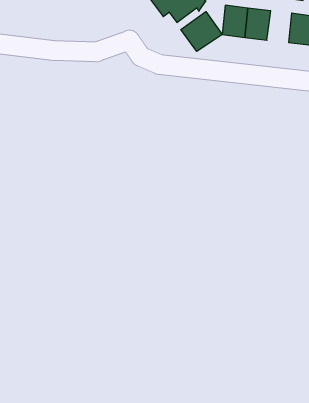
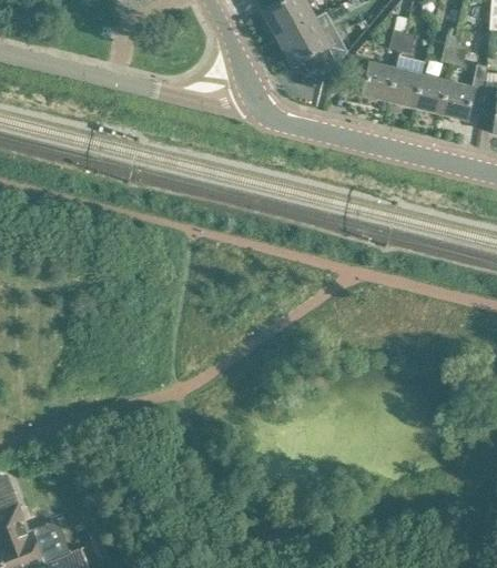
building: none -> [414,73,447,113]
building: [181,12,222,51] -> none

